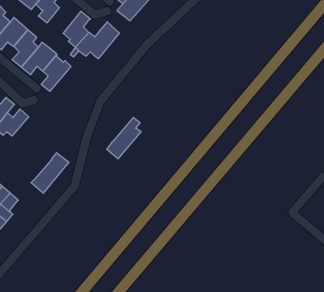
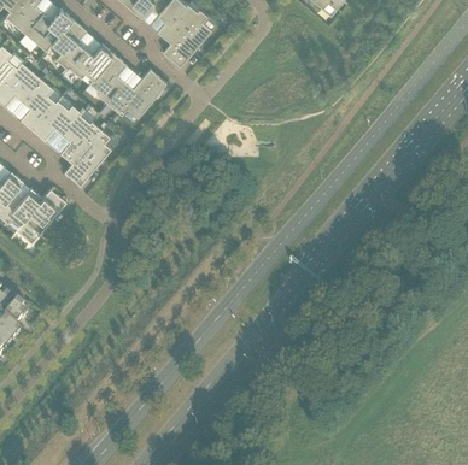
building: none -> [68,42,112,77]
building: [107,118,141,159] -> [63,128,110,184]
building: [31,153,69,193] -> [13,187,65,242]

